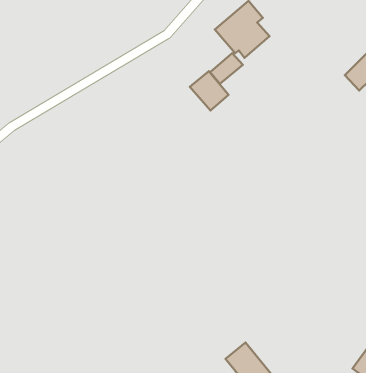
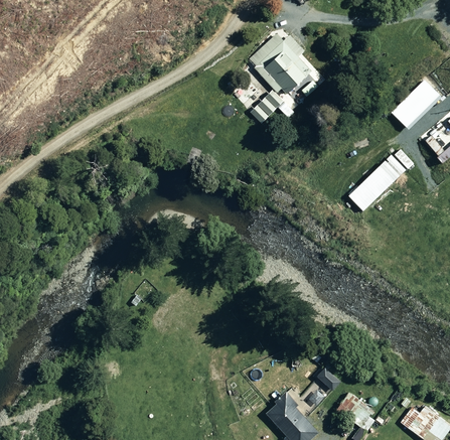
building: [190,71,229,111] -> none
building: none -> [348,155,408,211]

